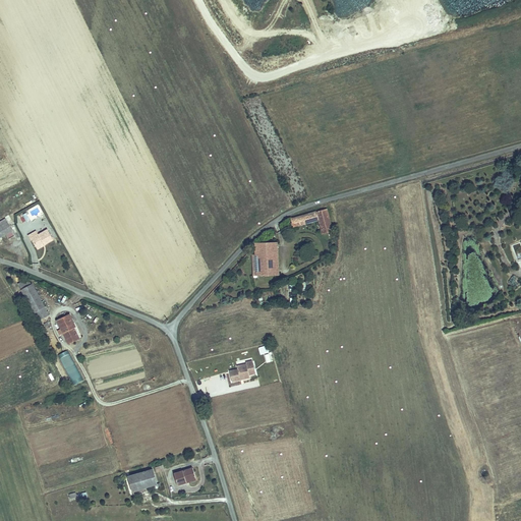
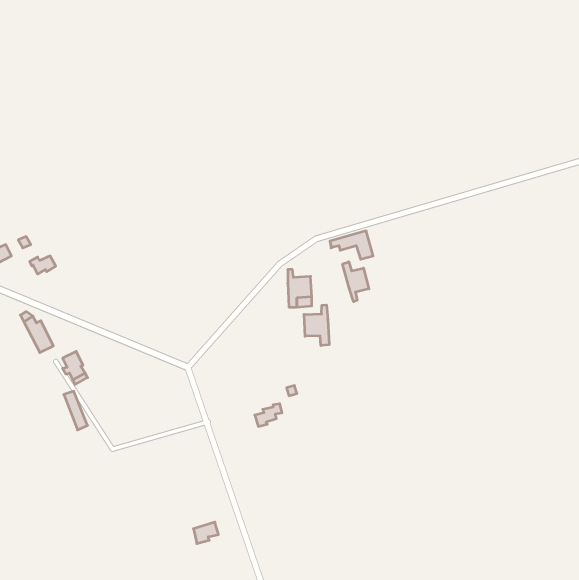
building: none -> [343,262,369,302]
building: none -> [304,305,329,346]
building: [126,468,161,491] -> none

